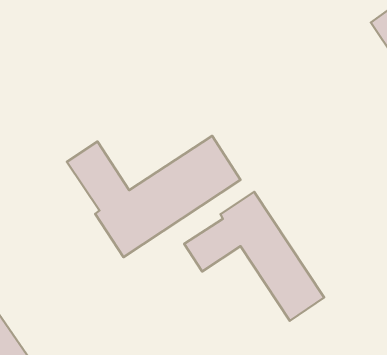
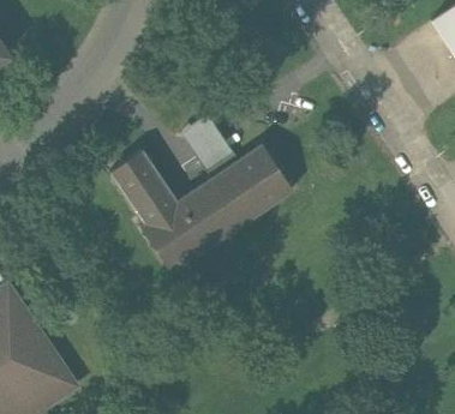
building: [184,192,324,321] -> none

